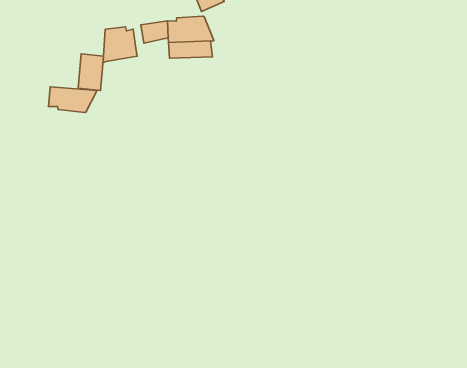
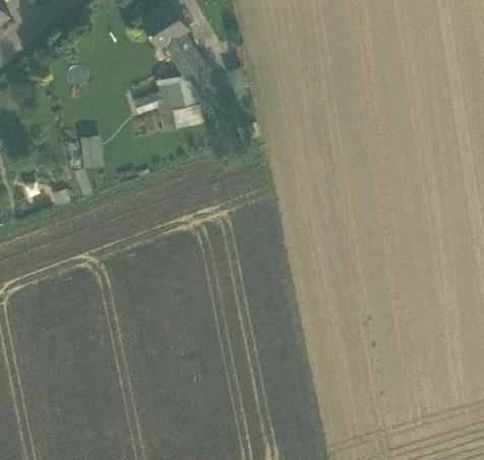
building: [103,27,137,62] -> none
building: [48,87,97,112] -> none

